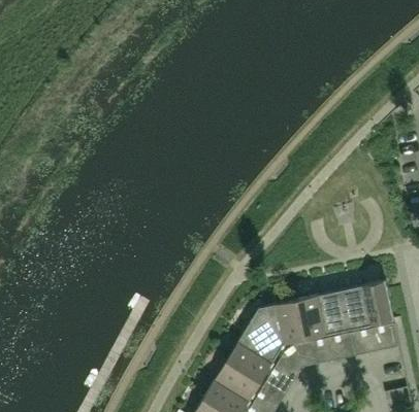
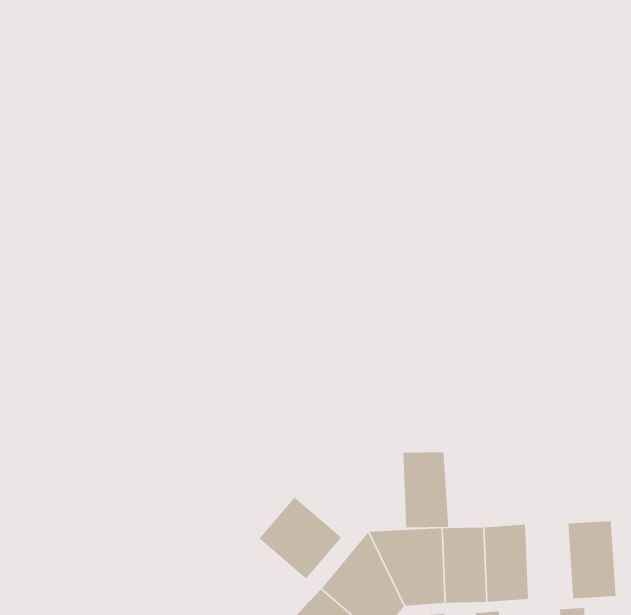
building: [339,288,369,332] -> [402,451,449,528]
building: none -> [259,496,342,580]

